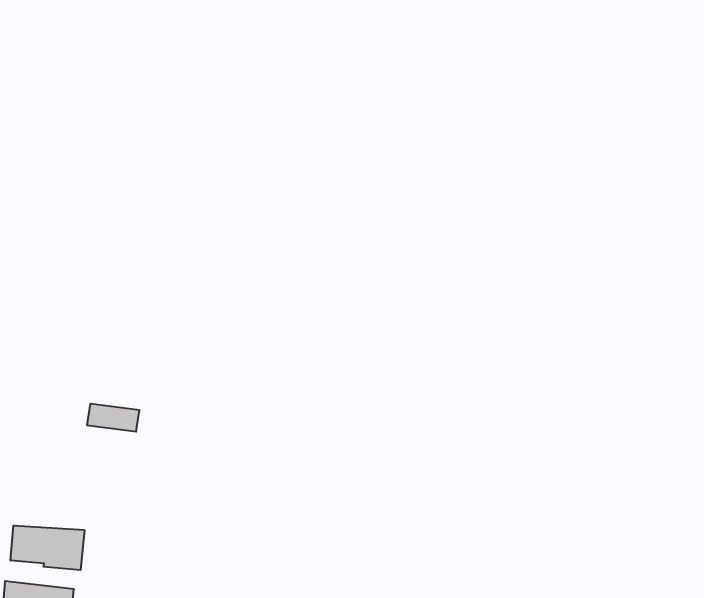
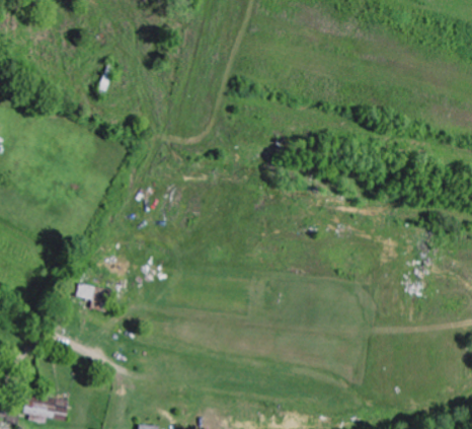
building: [11,525,84,570] -> none

